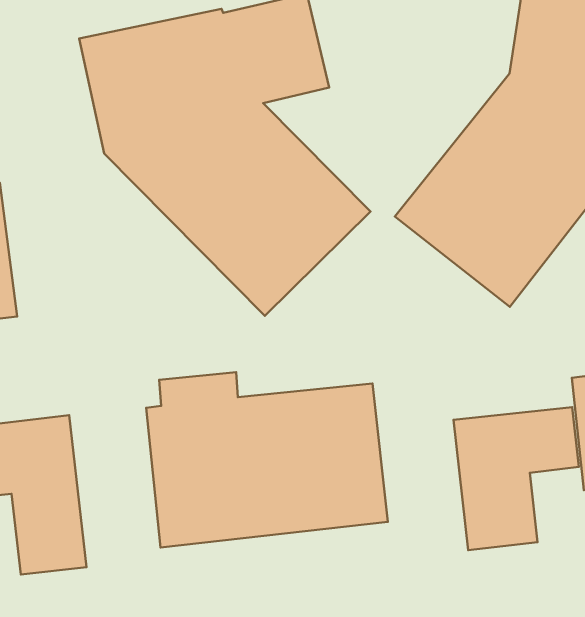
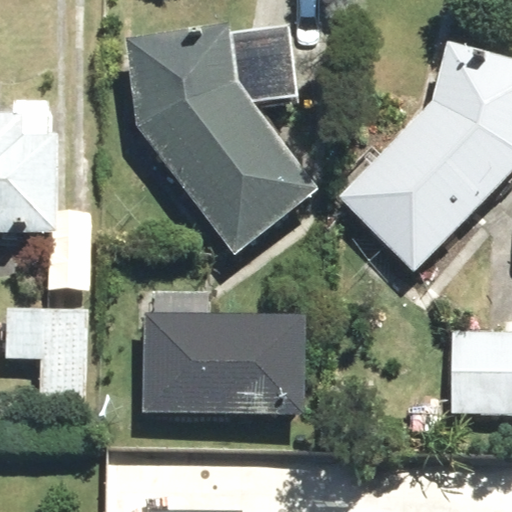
building: [454,407,579,550] -> none

